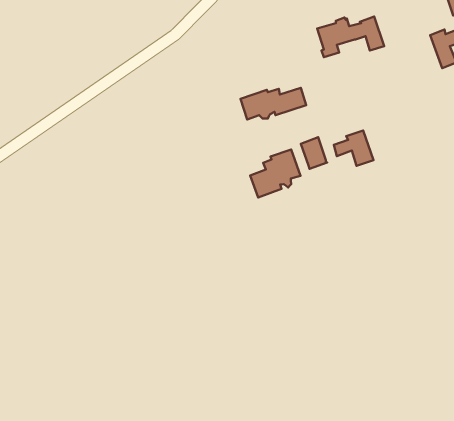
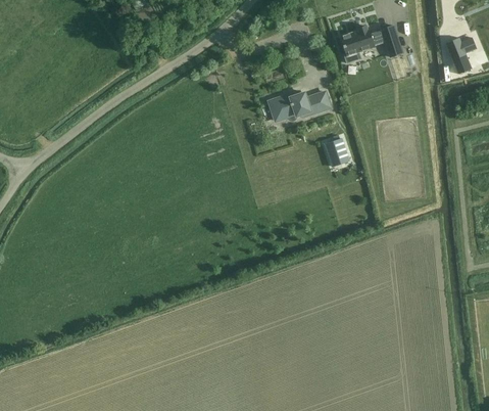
building: [334,131,373,166] -> none
building: [250,149,300,198] -> none

